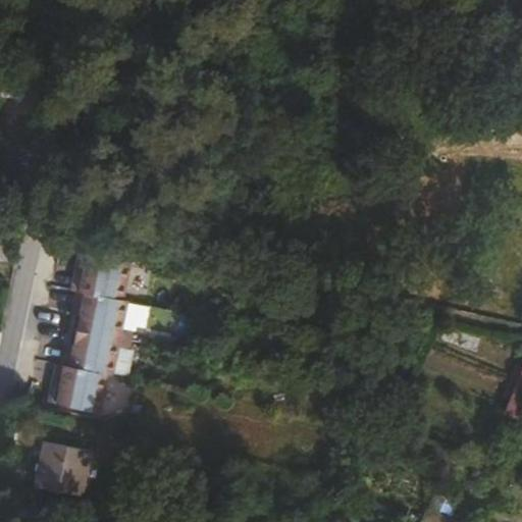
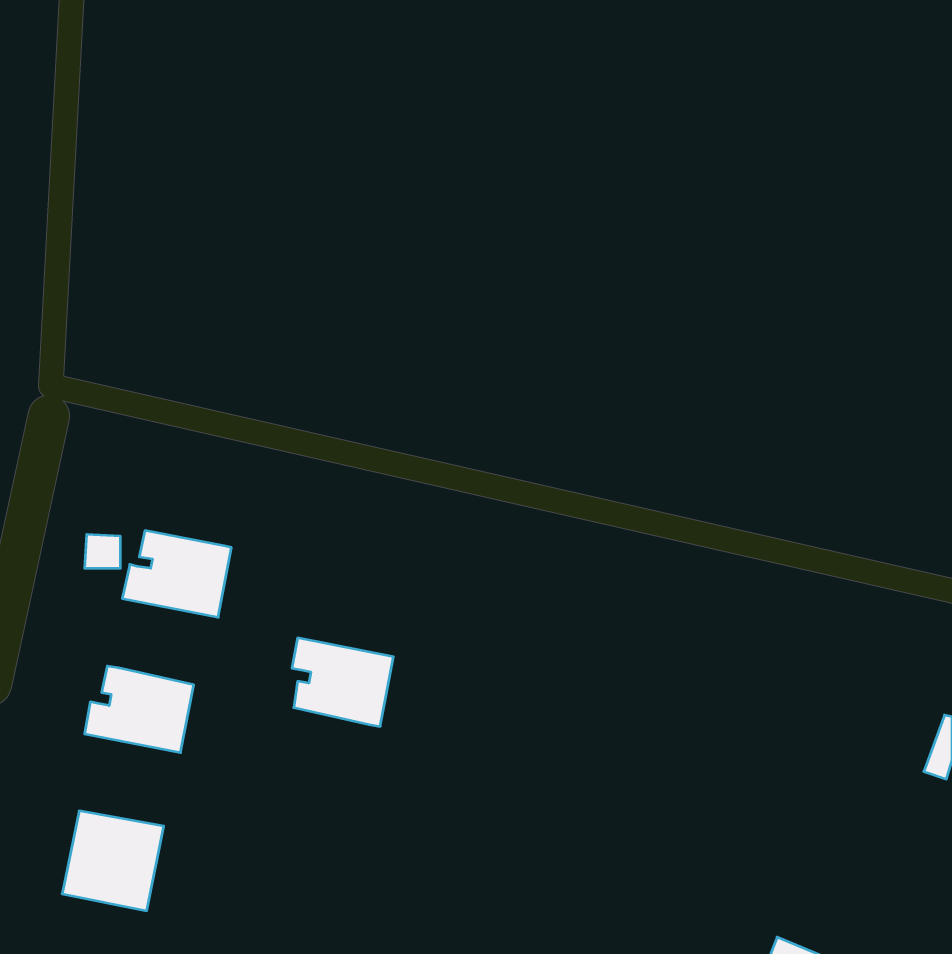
building: [74,253,127,300] -> none
building: [63,328,118,376] -> [292,638,393,726]

